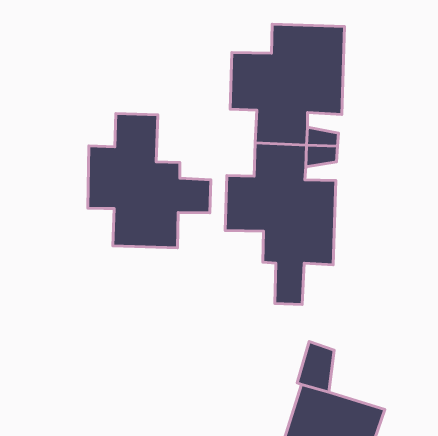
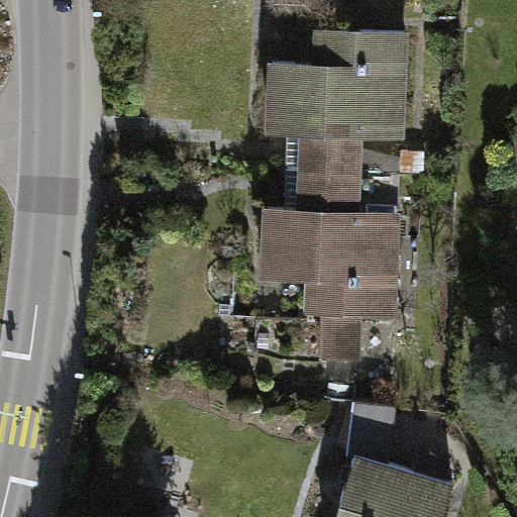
building: [88,114,211,248] -> none

